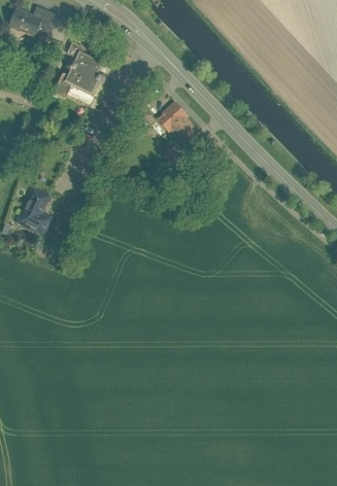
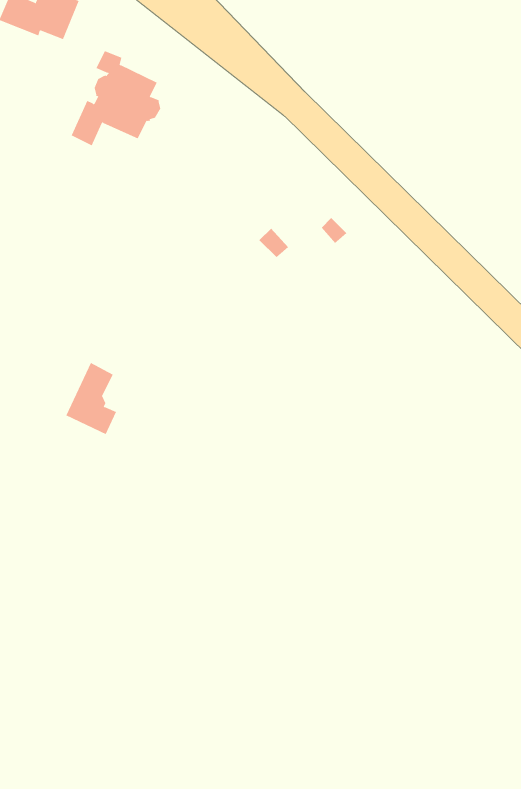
building: [157,102,198,144] -> none
building: [19,189,48,232] -> [66,362,117,435]

